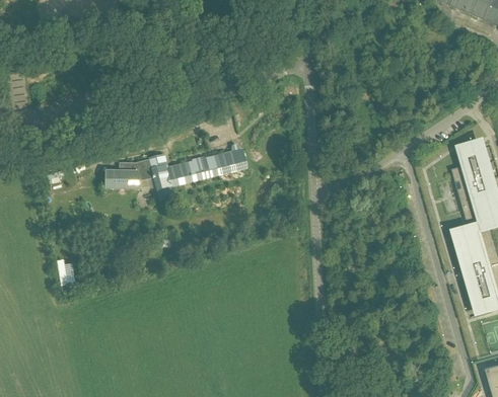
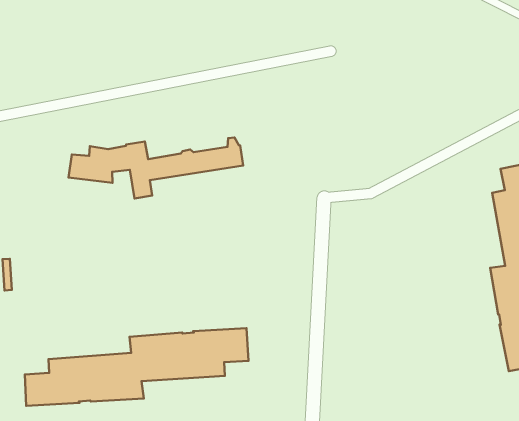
building: none -> [25,328,248,406]

